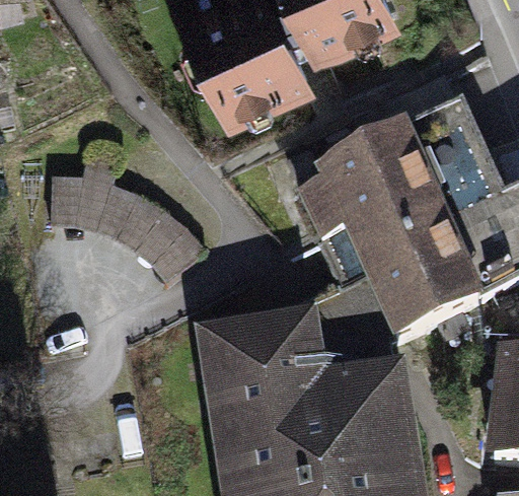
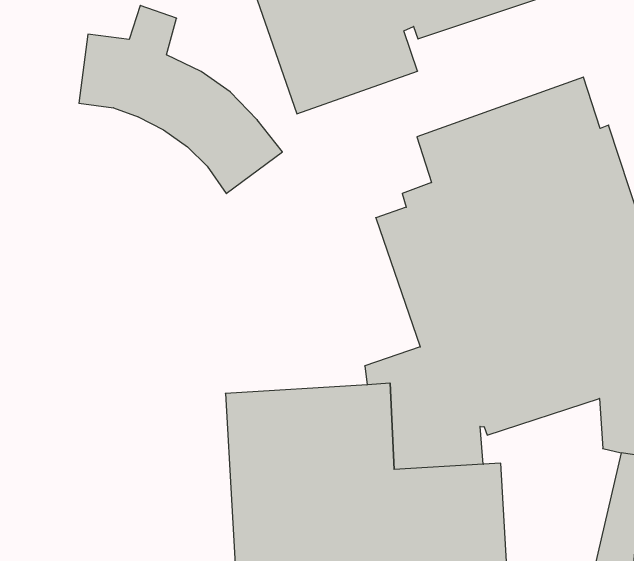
building: [52,152,209,288] -> [79,5,282,194]

